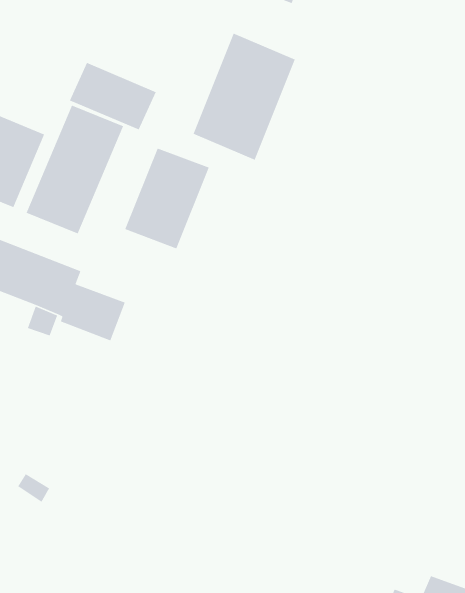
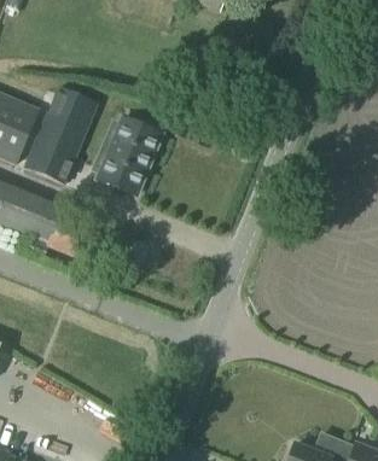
building: [193,33,296,161] -> none
building: [69,62,157,131] -> none

